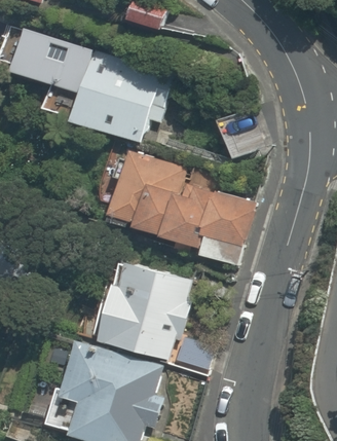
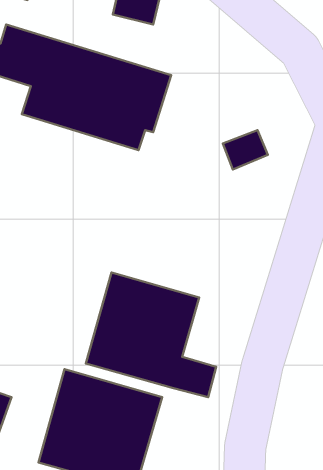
building: [95,146,250,266] -> none

